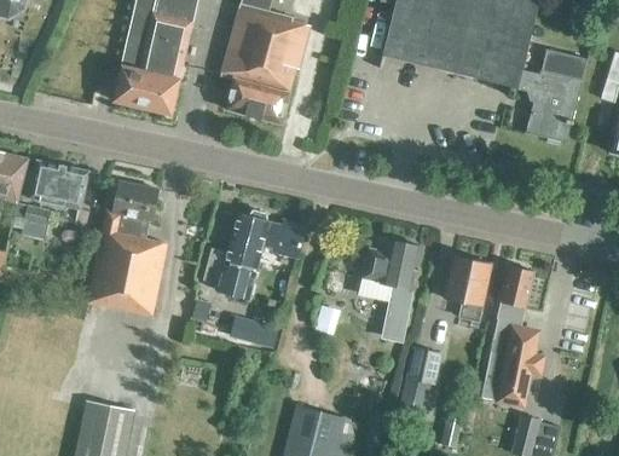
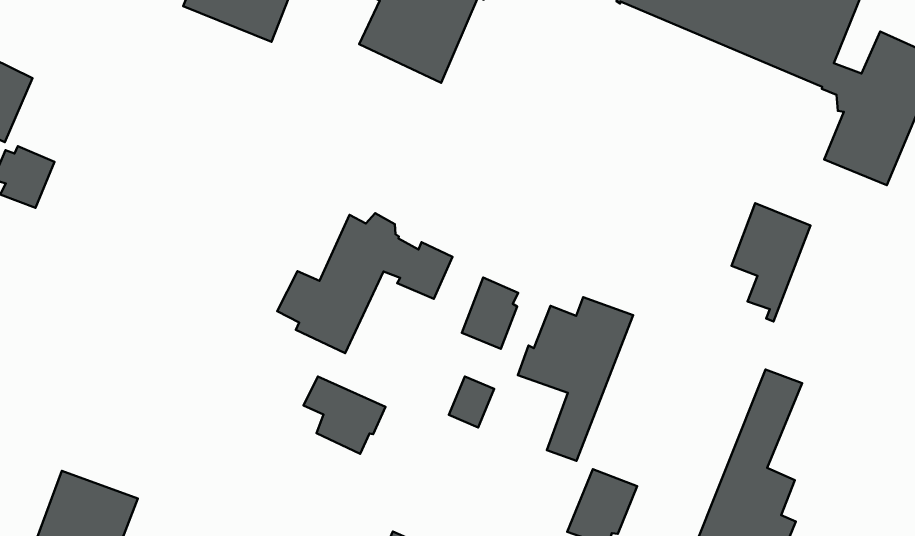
building: [30,161,88,209] -> none
building: [87,180,166,314] -> none
building: none -> [462,277,518,349]
building: [445,255,490,327] -> [732,203,810,322]

